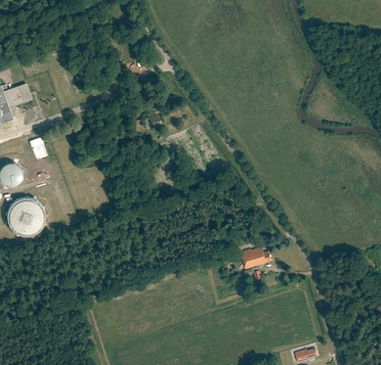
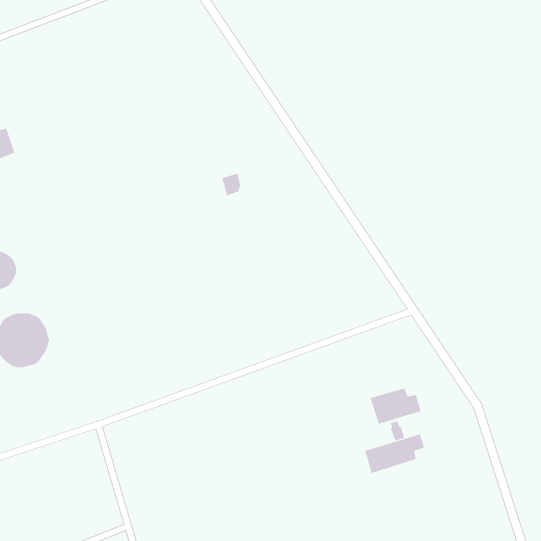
building: none -> [365,433,425,474]

